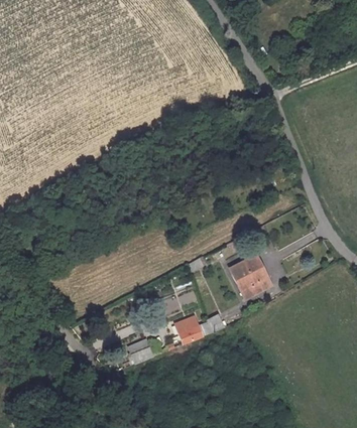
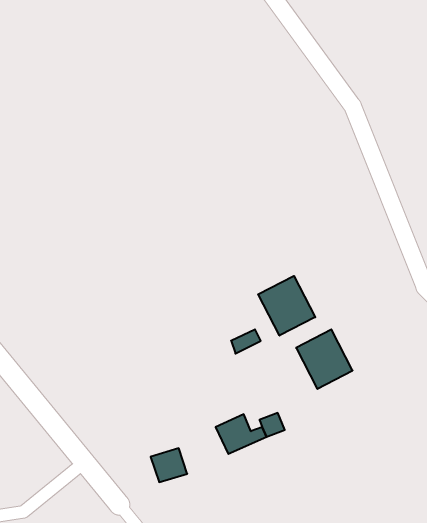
building: none -> [258,276,315,336]

